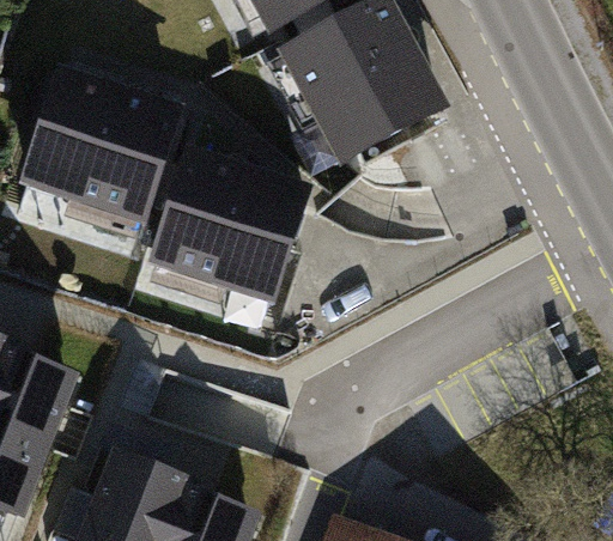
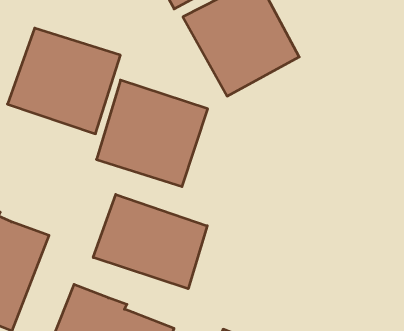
building: none -> [93,194,207,289]

